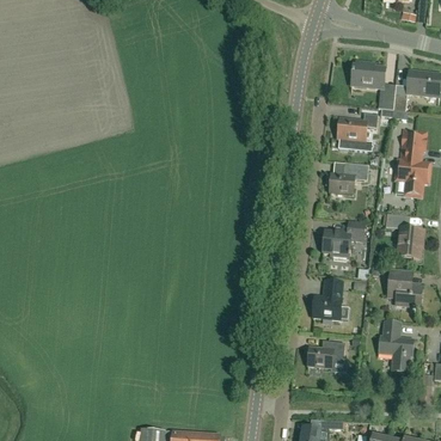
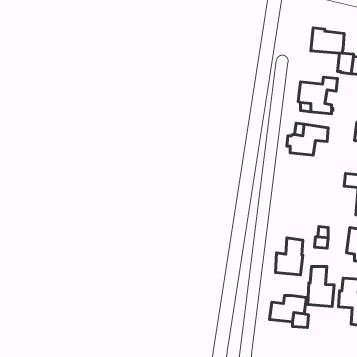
building: [323,220,365,259] -> none
building: none -> [308,266,334,306]

